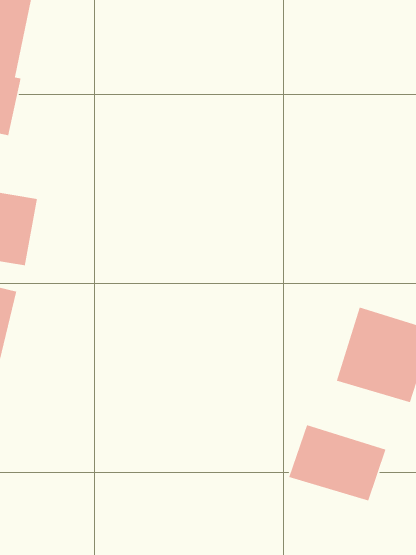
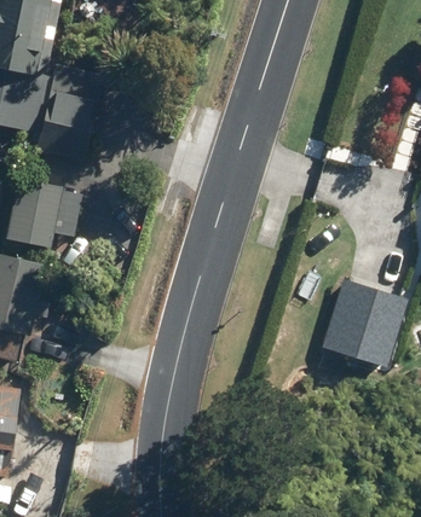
building: none -> [34,65,100,162]
building: [288,424,387,502] -> none

